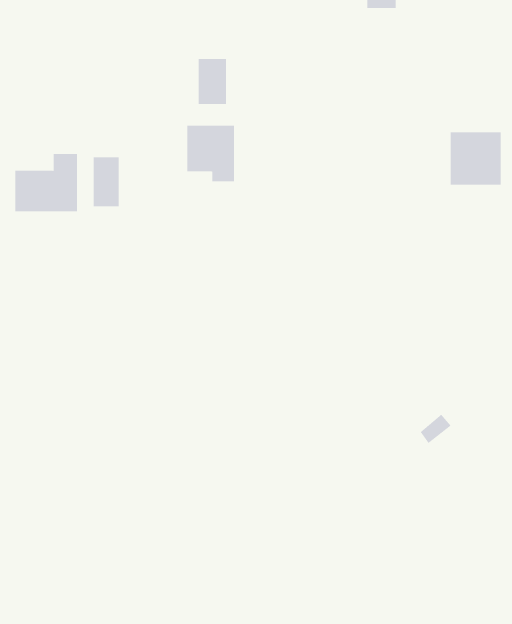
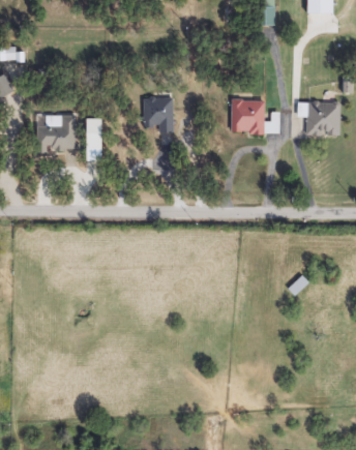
building: [198,58,226,105] -> none
building: none -> [231,98,277,131]

